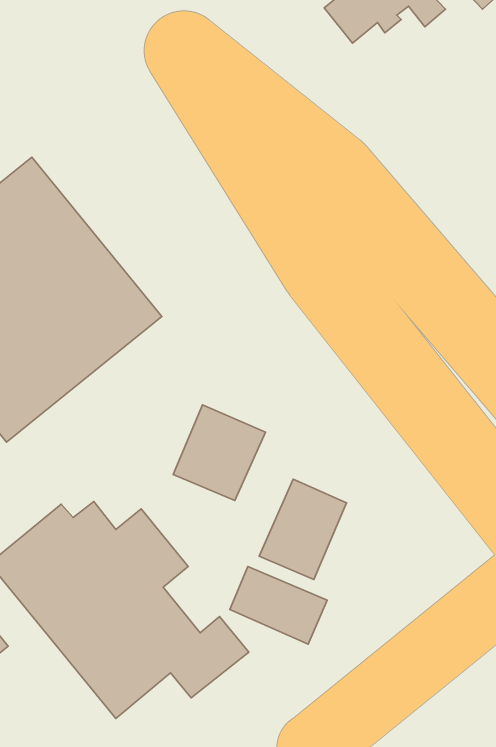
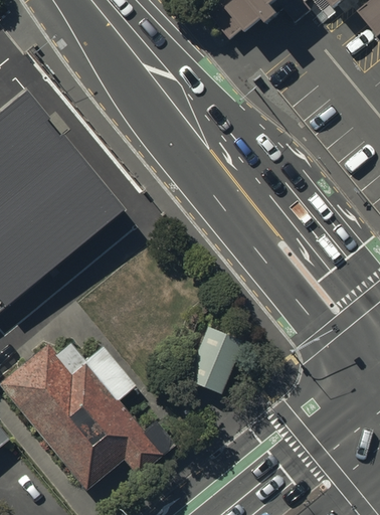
building: [173,405,265,501] -> none
building: [230,567,327,644] -> none

